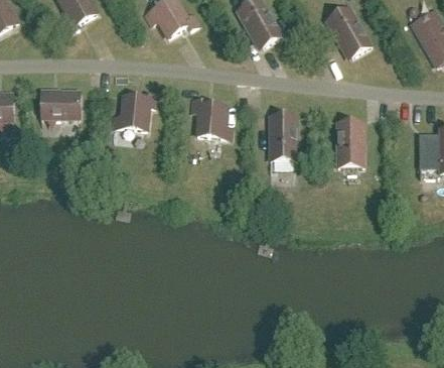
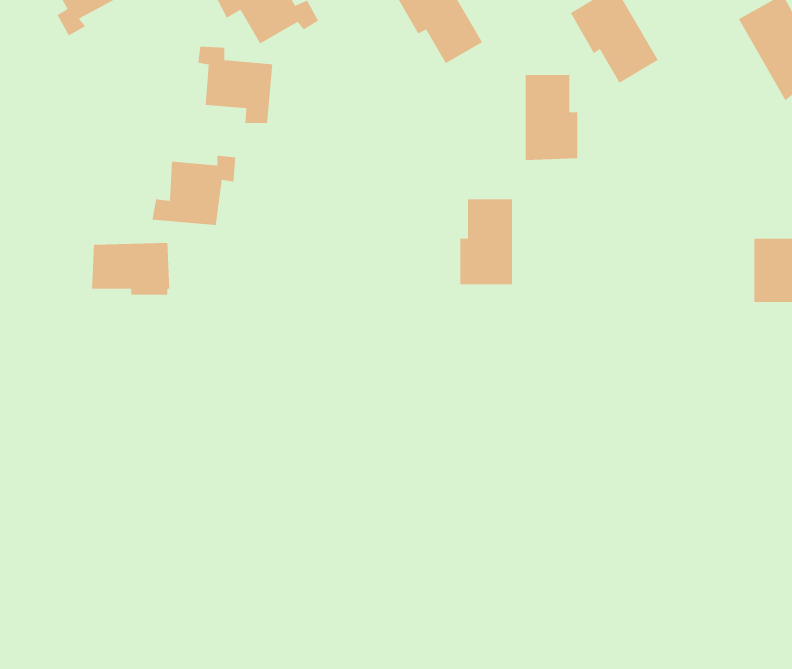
building: none -> [198,46,273,124]
building: [40,90,81,117] -> [91,242,170,295]
building: [192,97,231,136] -> none
building: [337,121,364,165] -> [525,74,578,161]

